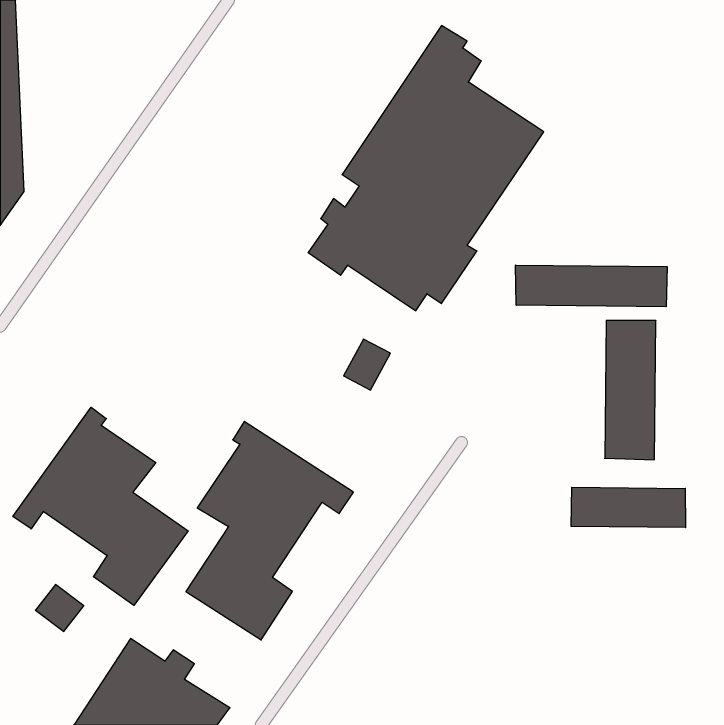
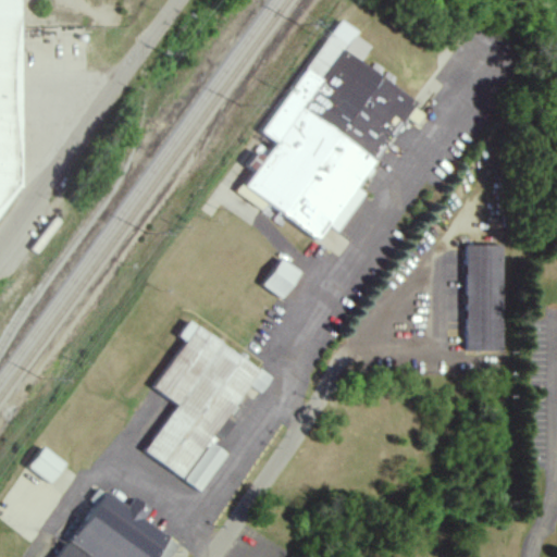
building: [516,265,667,307] -> none
building: [13,407,188,605] -> none
building: [571,487,686,528] -> none

